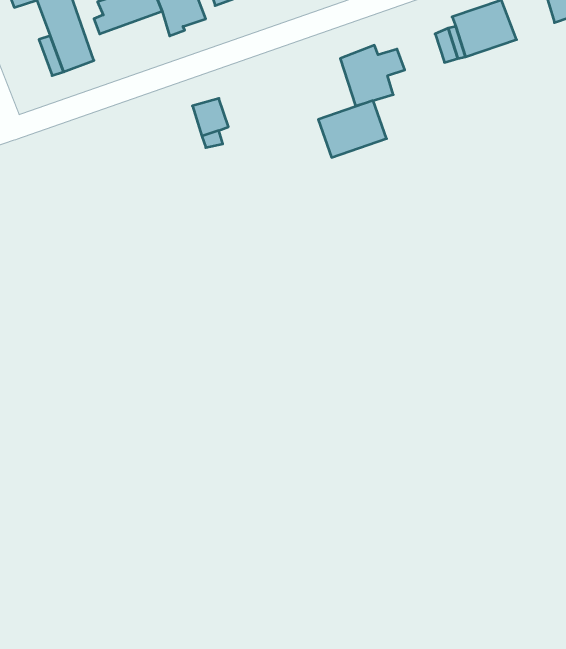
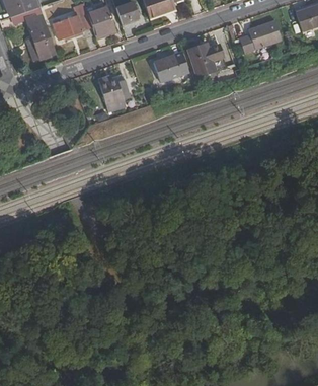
building: [318,101,387,157] -> [152,52,188,82]

